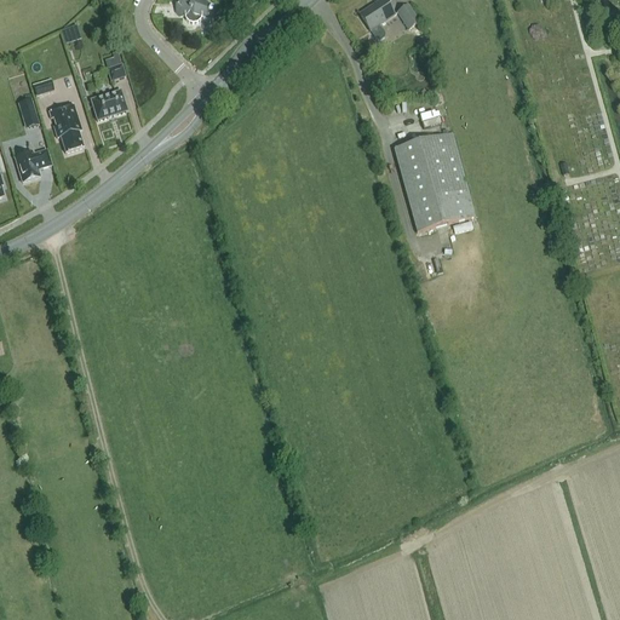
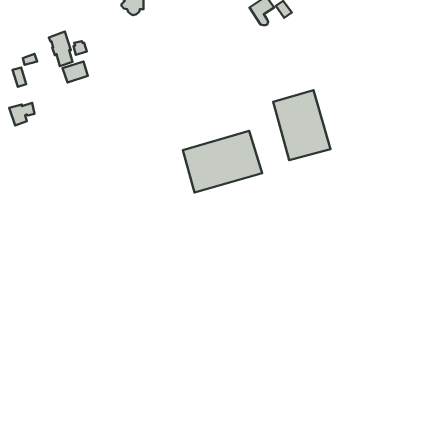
building: [48,102,82,151] -> [49,31,72,66]
building: none -> [183,131,262,192]

